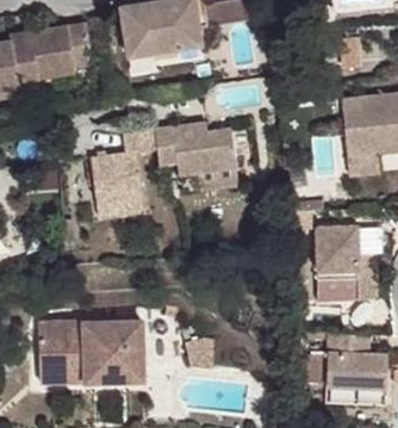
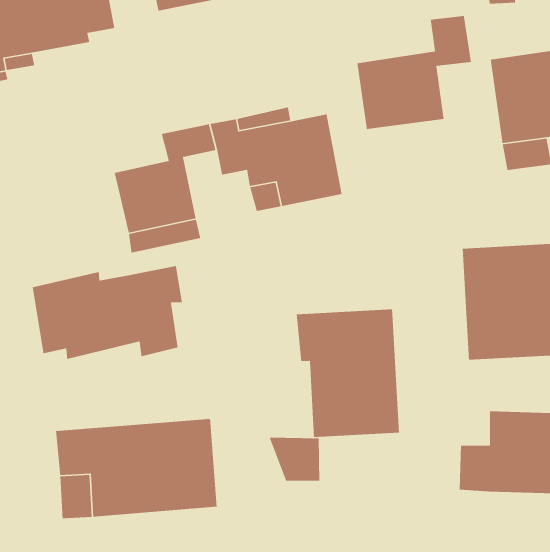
building: none -> [356,15,472,130]
building: none -> [32,265,183,360]
building: none -> [296,308,400,438]

